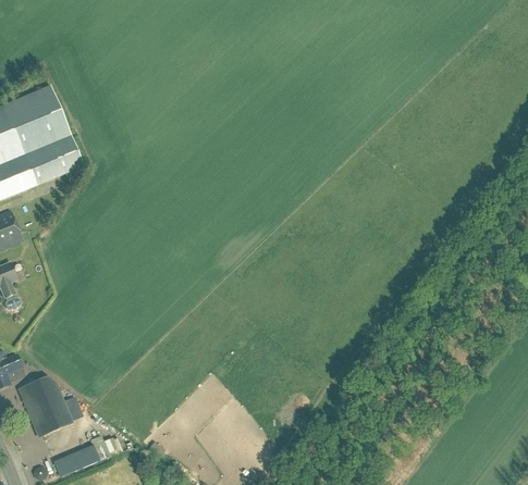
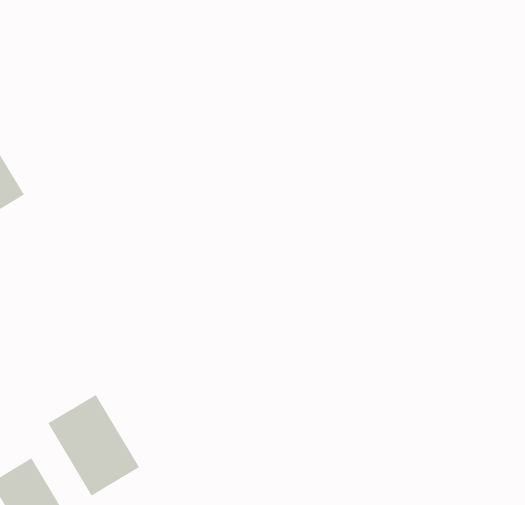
building: none -> [48,394,140,496]

